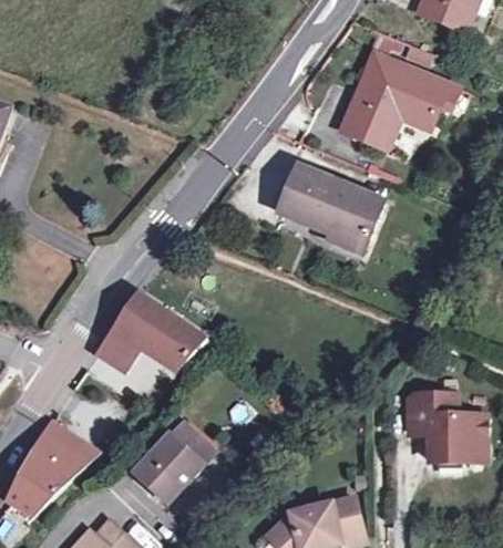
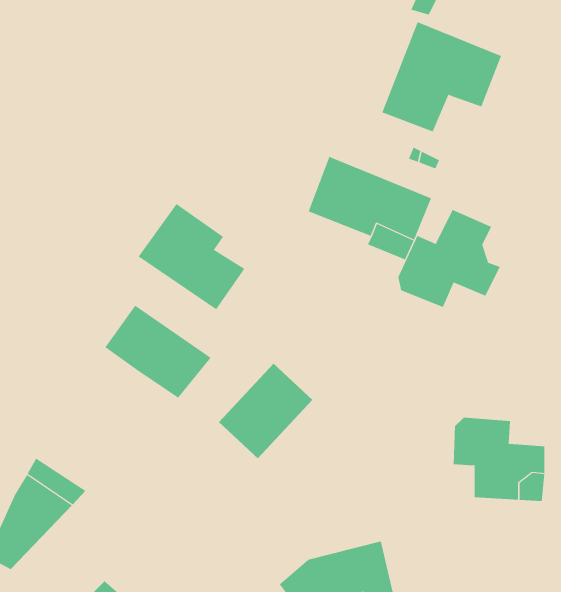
building: none -> [138,203,245,310]
building: none -> [398,209,500,308]
building: [96,328,142,374] -> none
building: [130,417,209,498] -> [218,363,313,459]

